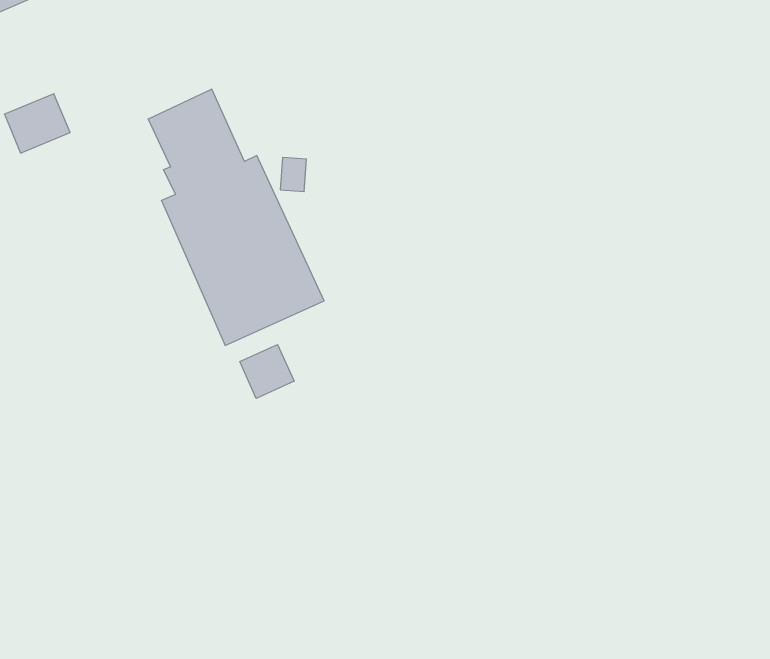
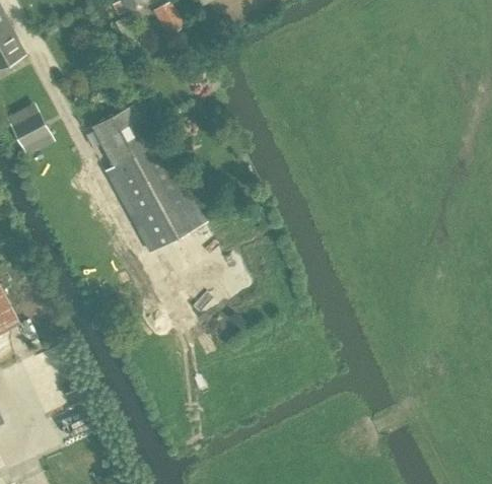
building: [240,345,294,398] -> none

